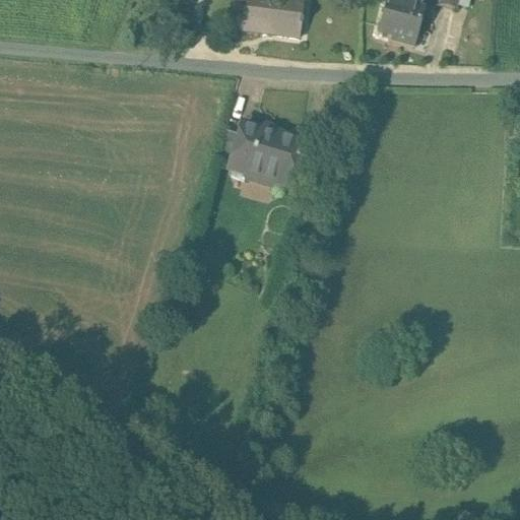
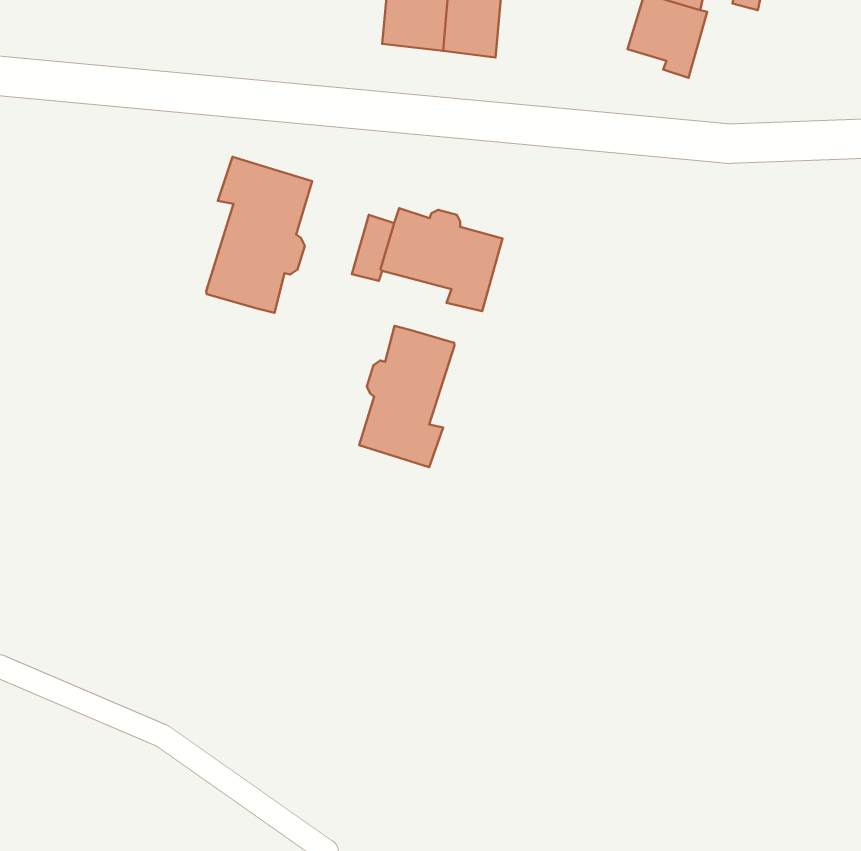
building: none -> [206,157,312,313]
building: none -> [359,326,455,467]

